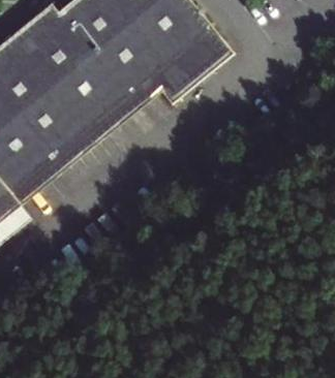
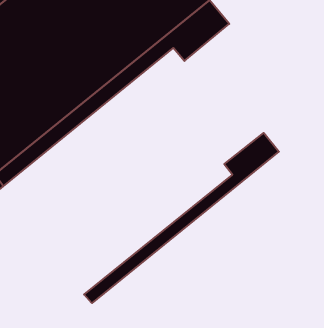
building: none -> [84,133,279,303]

